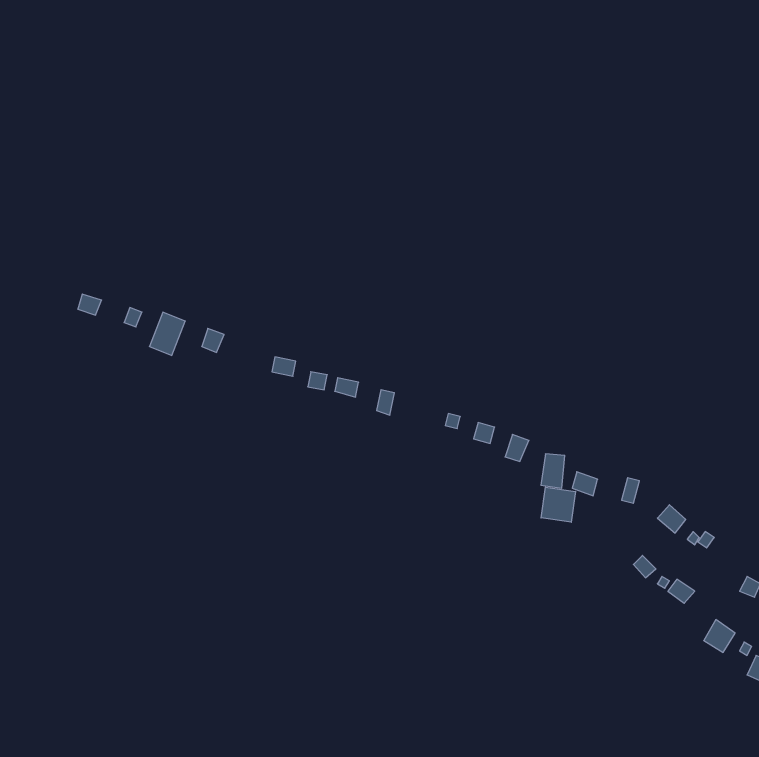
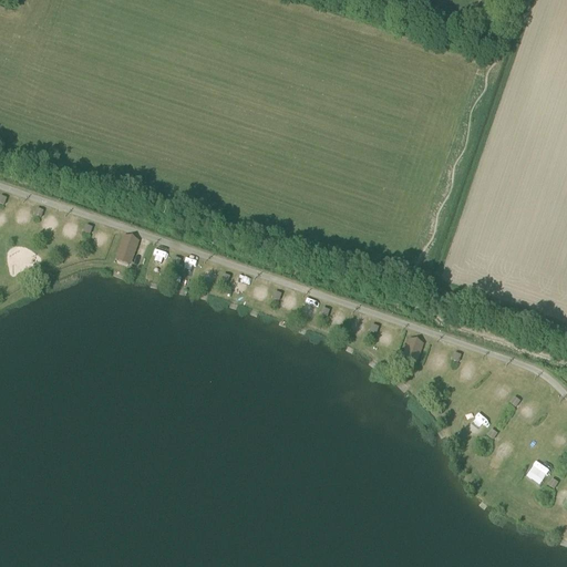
building: [541,487,576,522] -> none

